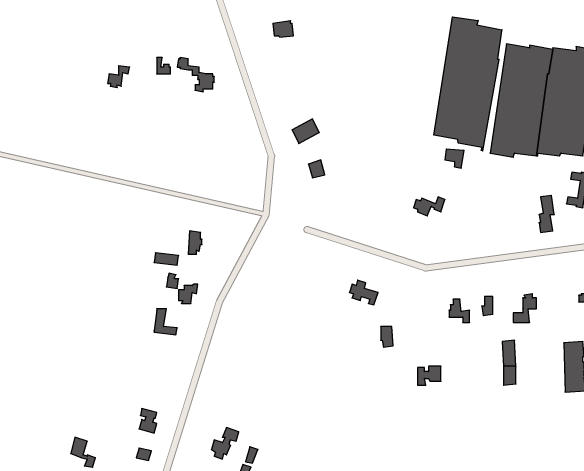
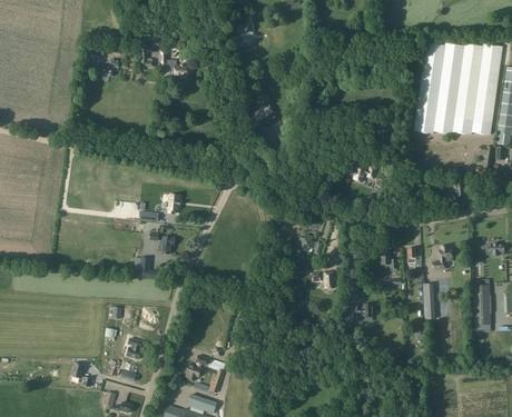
building: [434,17,502,151] -> none

